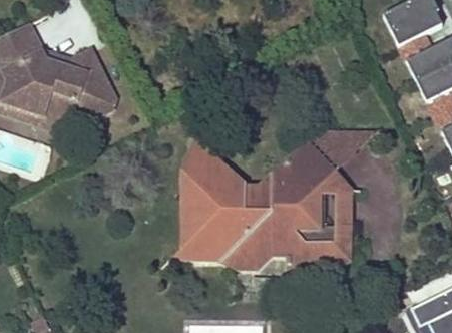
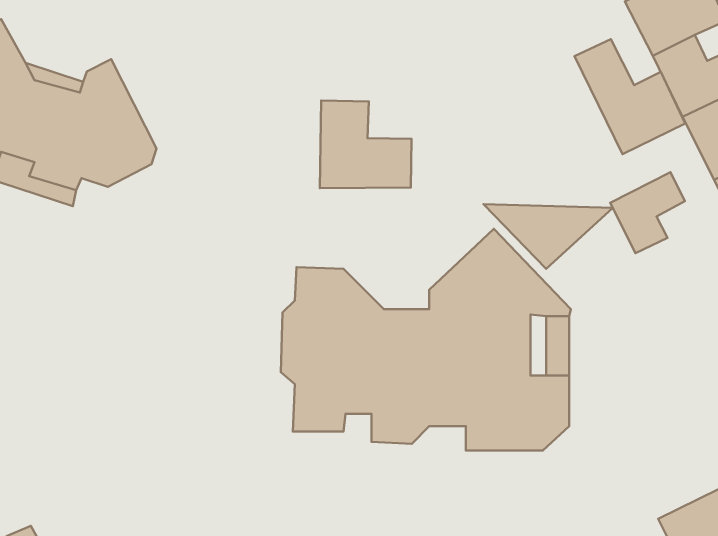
building: none -> [574,39,685,154]
building: none -> [320,101,411,188]
building: none -> [610,172,685,253]

